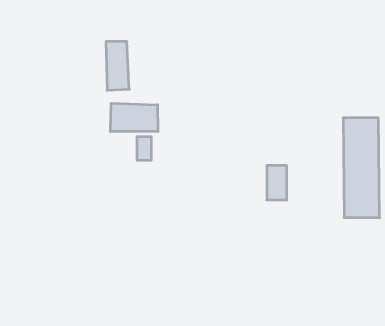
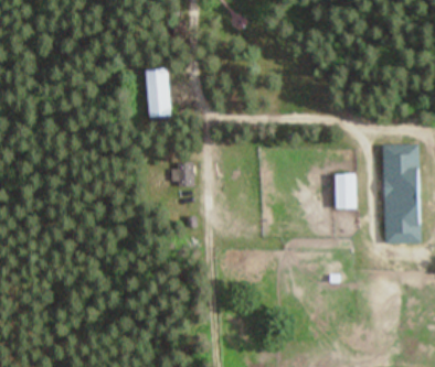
building: [110,103,158,132] -> none
building: [267,166,287,200] -> [336,174,356,208]

